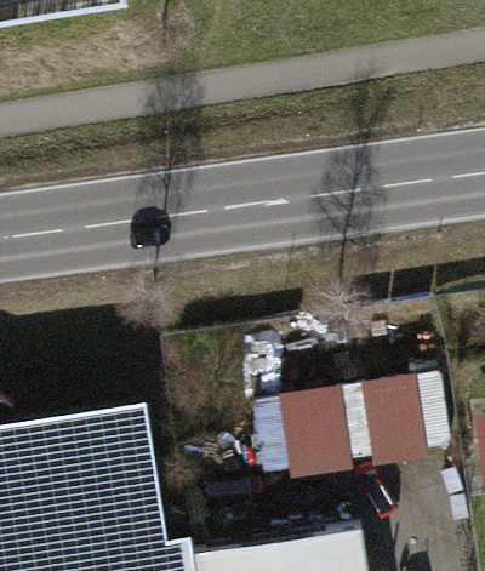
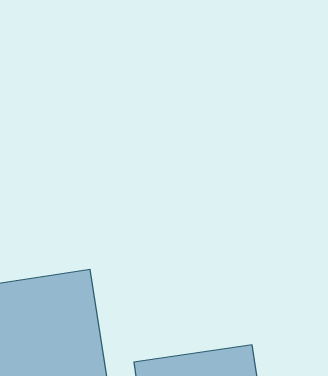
building: [266,373,466,472] -> none

